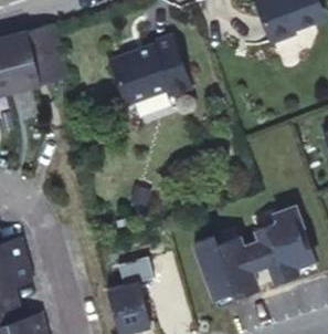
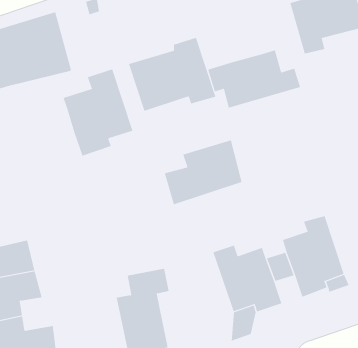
building: none -> [208,50,301,108]
building: none -> [63,68,133,156]
building: none -> [164,140,242,205]

